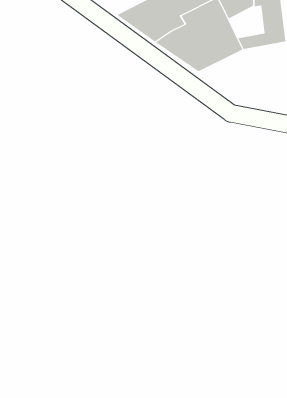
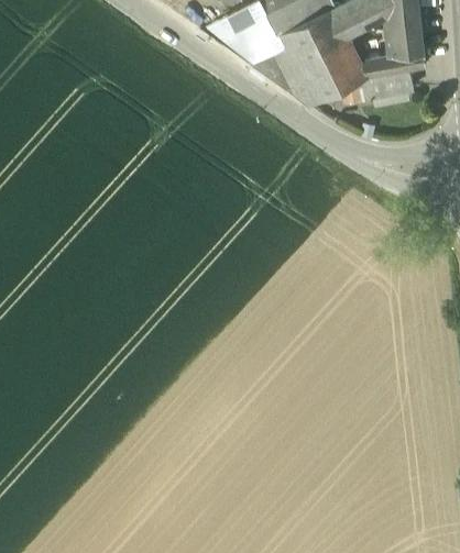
building: none -> [358,66,414,97]

